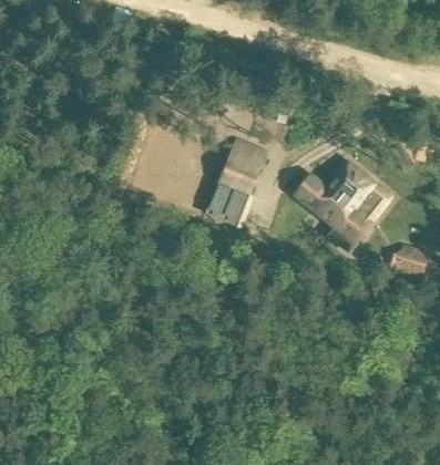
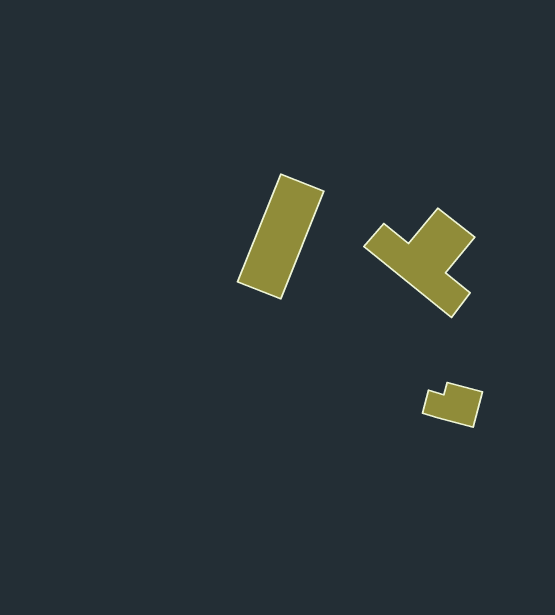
building: [385,247,428,279] -> [422,383,482,427]

